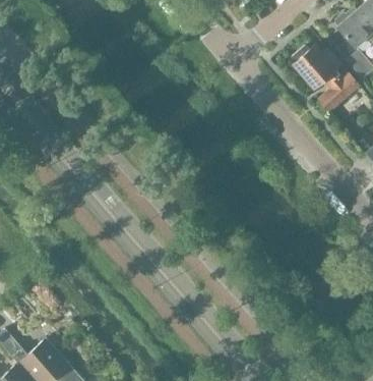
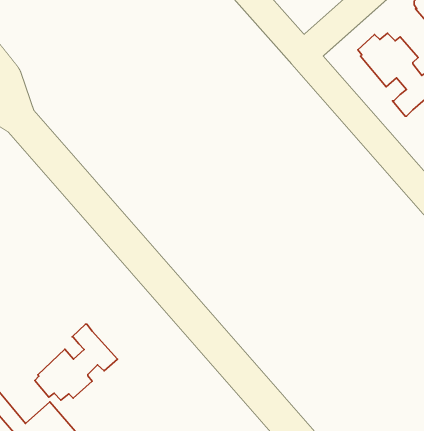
building: none -> [35,324,118,400]

